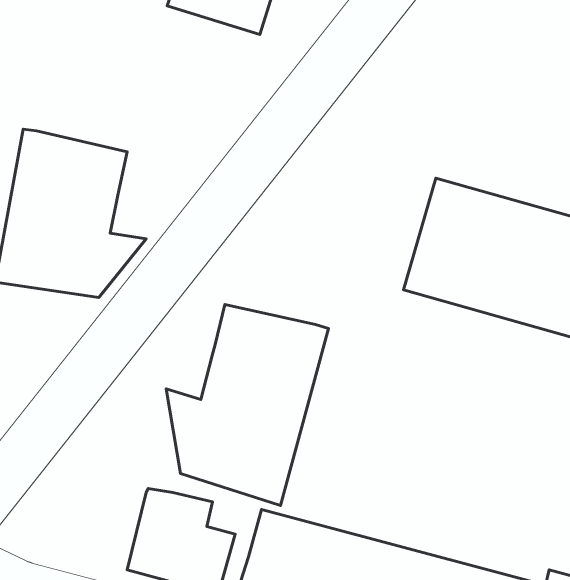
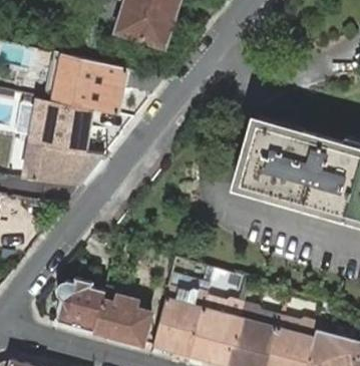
building: none -> [45,54,162,113]
building: [166,305,328,505] -> none
building: none -> [55,277,103,330]

